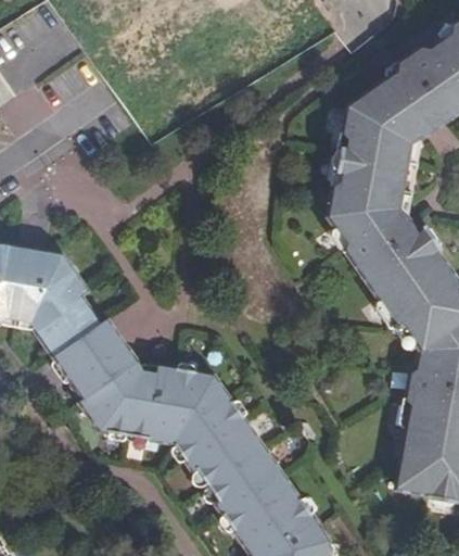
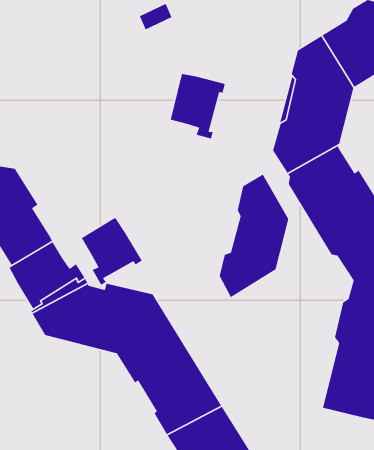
building: none -> [170,73,226,140]
building: none -> [219,173,289,298]
building: none -> [81,217,143,286]

